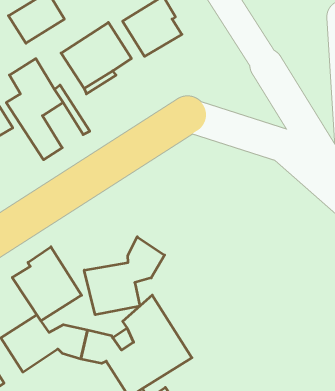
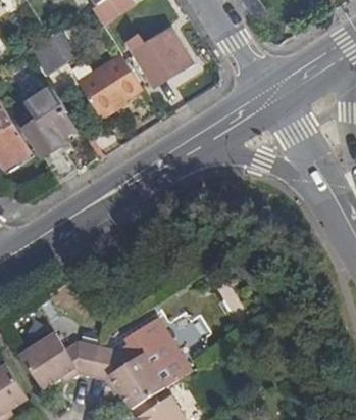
building: [84,237,165,315] -> none
building: [12,247,82,321] -> none

